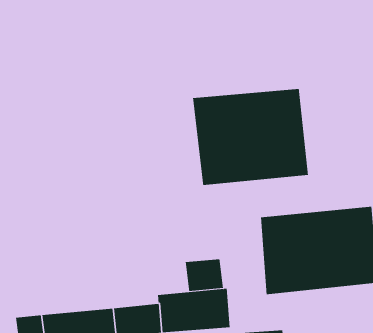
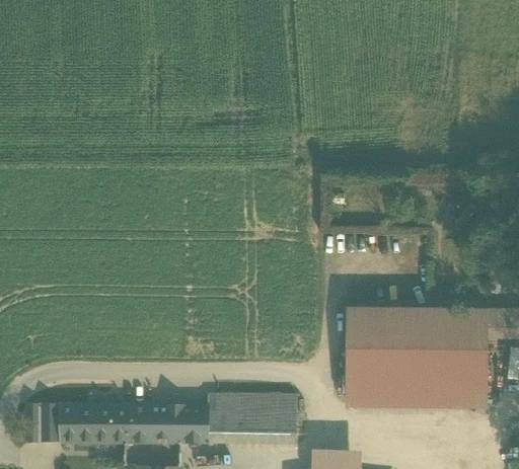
building: [193,88,309,186] -> none
building: [185,258,223,292] -> none

